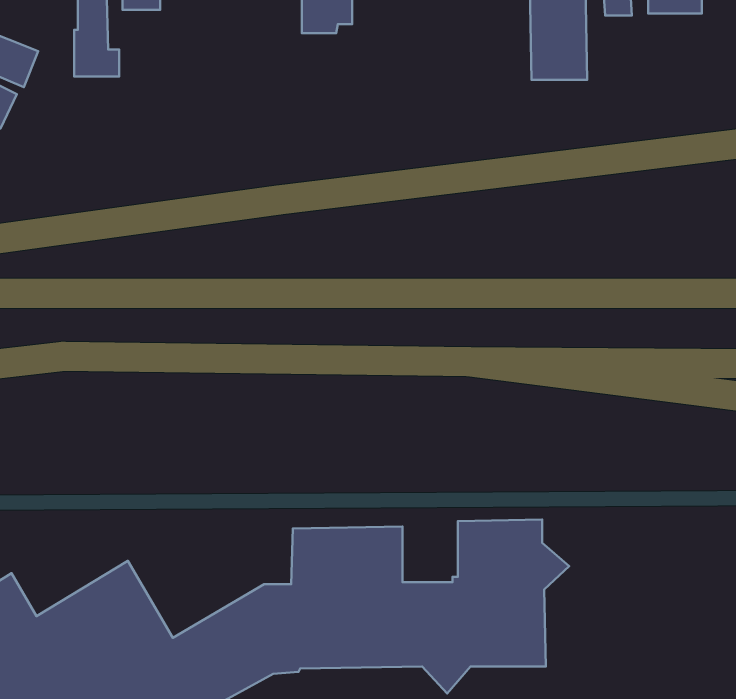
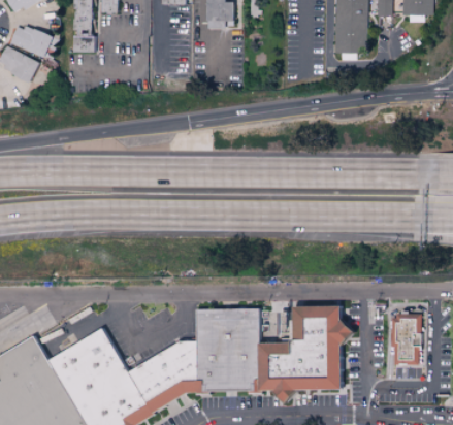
building: none -> [391,313,421,363]

